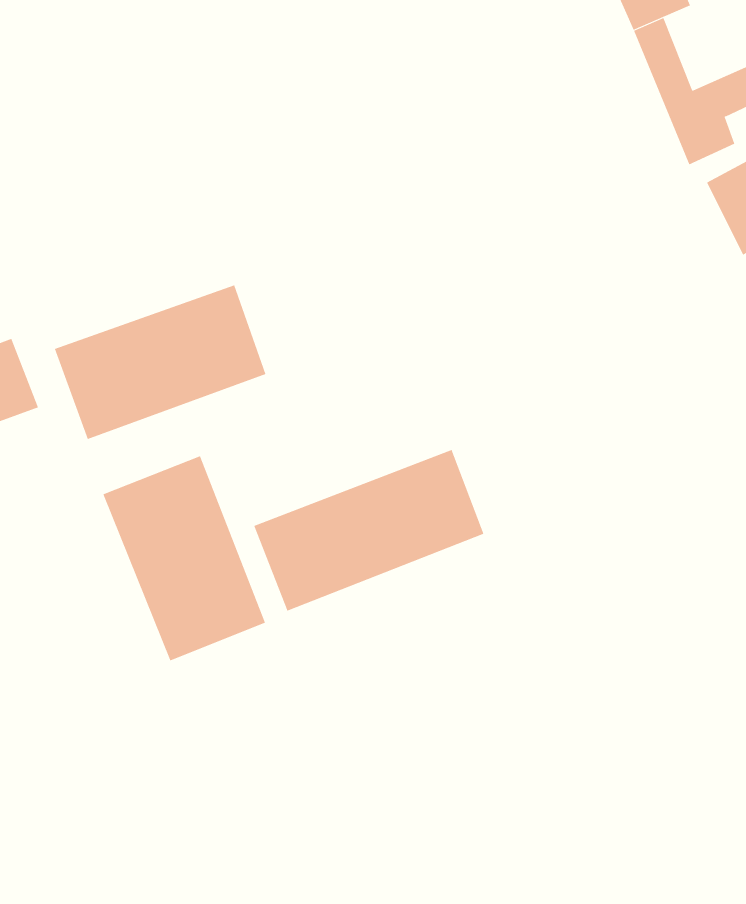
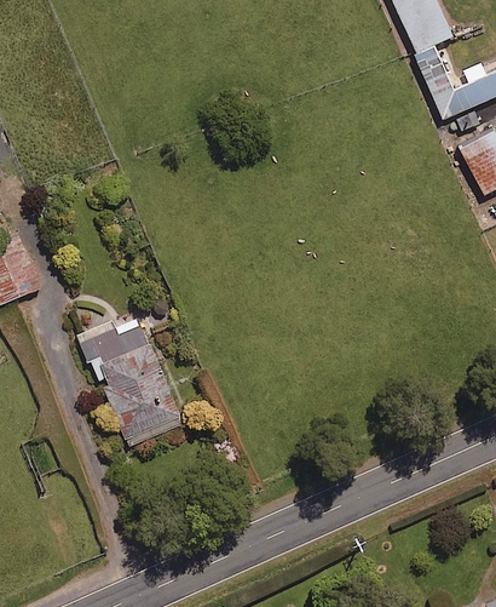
building: [54,284,266,440] -> none
building: [254,449,484,611] -> none

